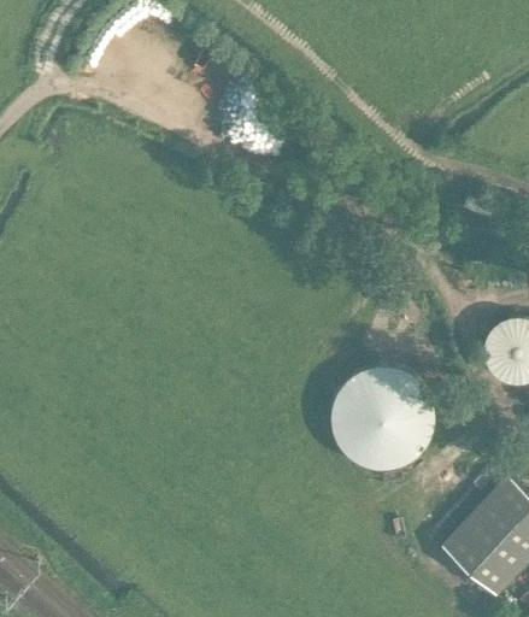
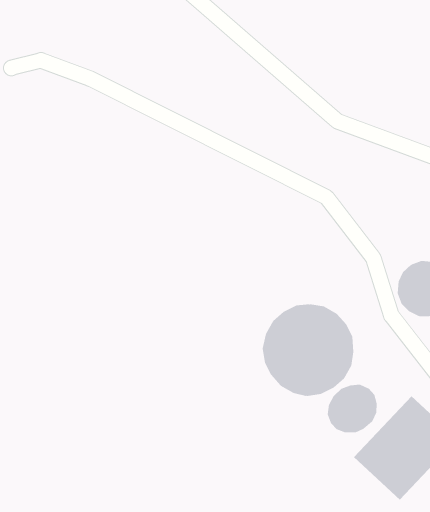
building: none -> [327,384,377,433]

